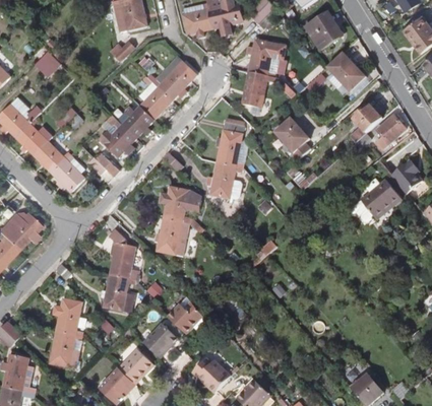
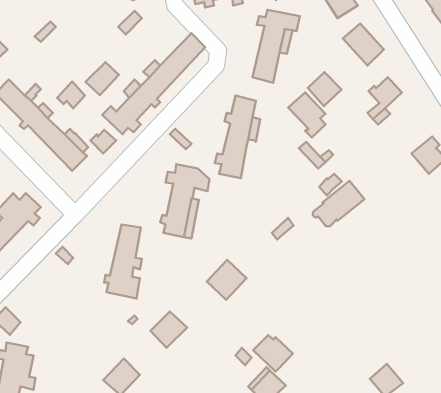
building: none -> [86,62,119,95]
building: none -> [308,72,342,106]
building: [376,115,407,150] -> none
building: [352,181,400,223] -> [313,181,364,226]
building: [50,298,83,368] -> none
building: [168,298,205,336] -> [207,260,247,300]
building: [119,350,152,385] -> none
building: [194,359,232,394] -> [253,335,293,372]

